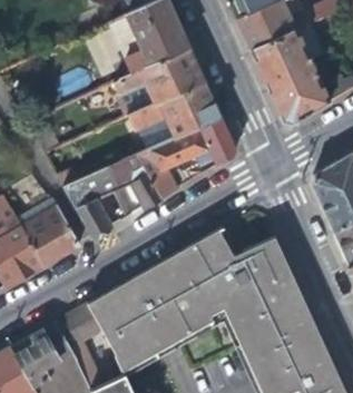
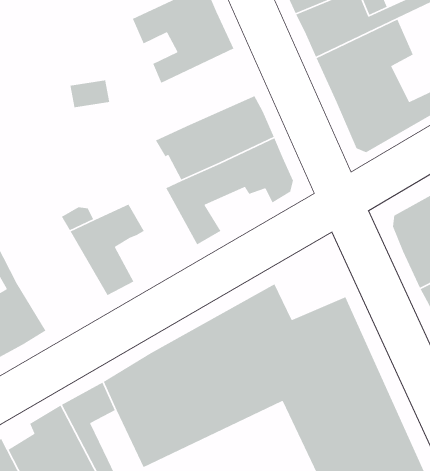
building: [111,47,206,105] -> none
building: [109,154,161,207] -> none
building: [23,206,80,264] -> none

